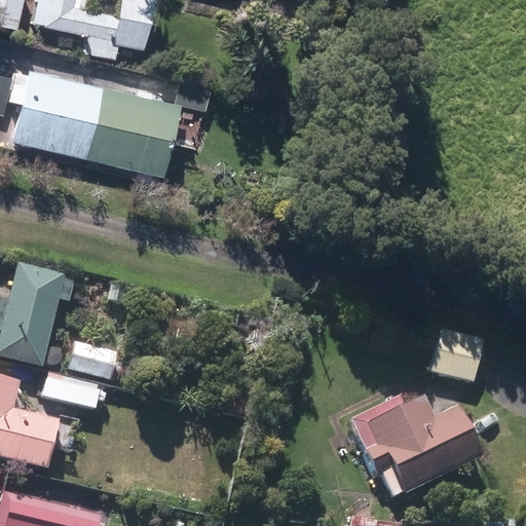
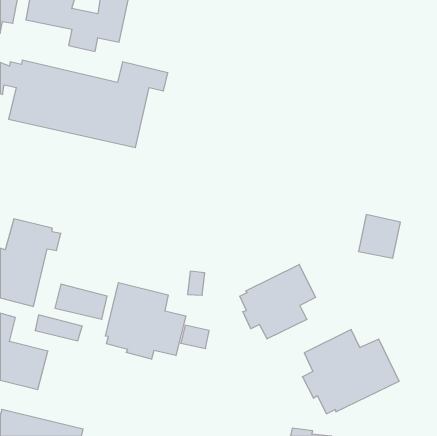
building: none -> [240,264,315,339]
building: [431,328,482,380] -> [358,215,400,258]
building: none -> [105,283,186,359]

